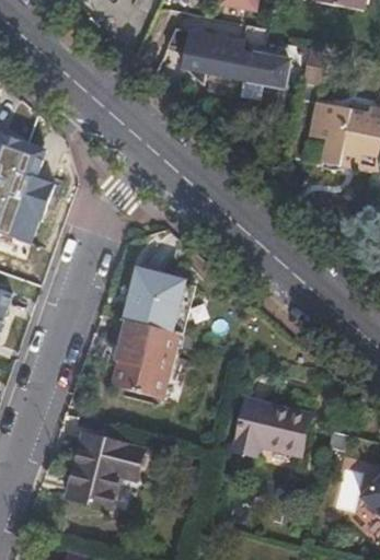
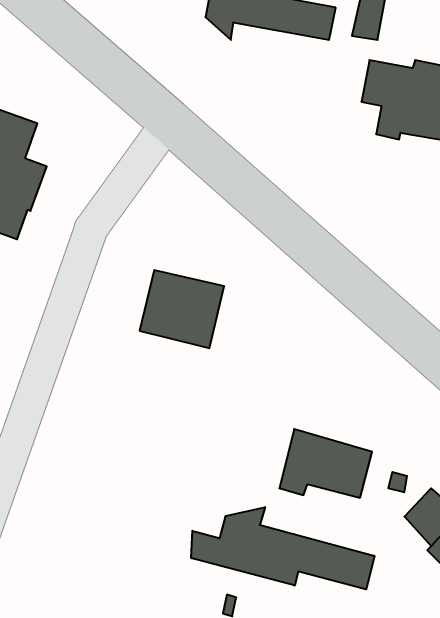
building: [115,318,180,397] -> none
building: [69,435,146,509] -> none
building: none -> [191,507,374,589]

